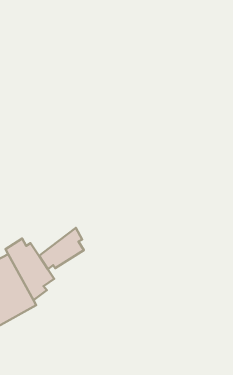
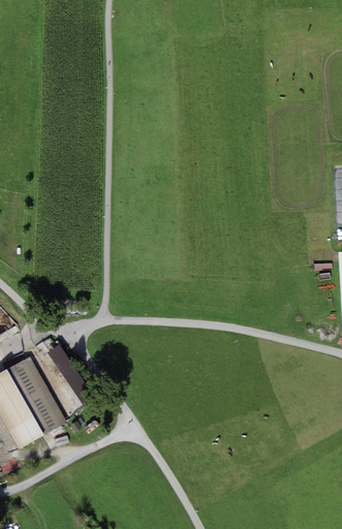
building: [39,228,84,269] -> none

